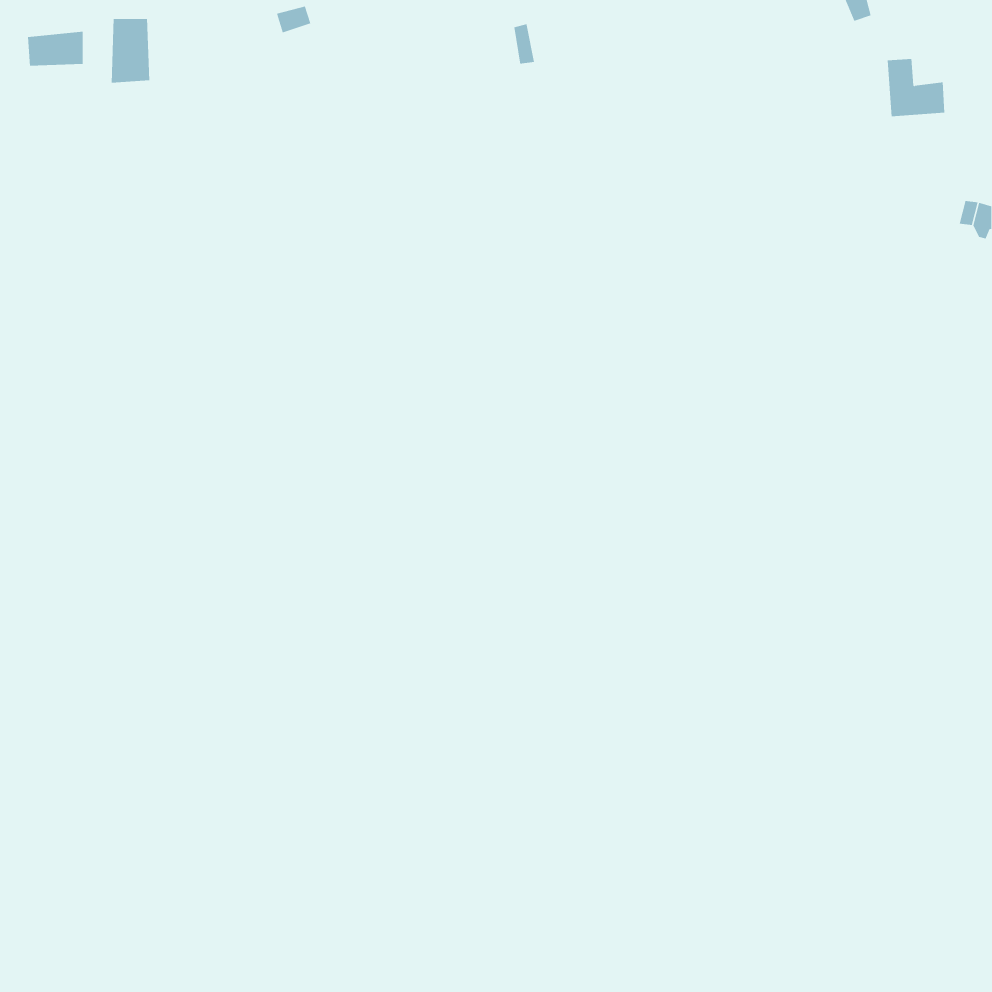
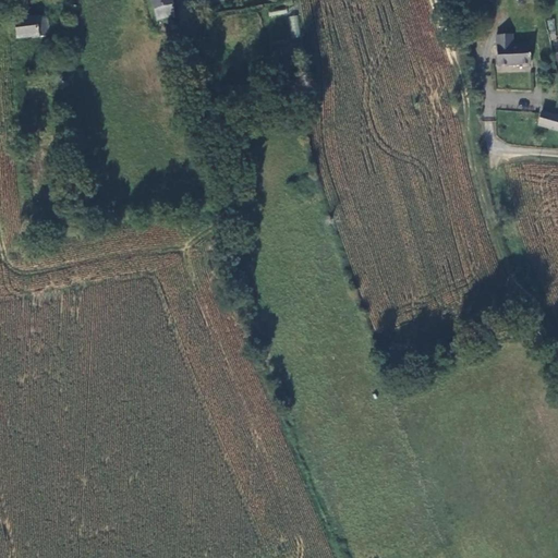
building: [111,18,150,83] -> none

